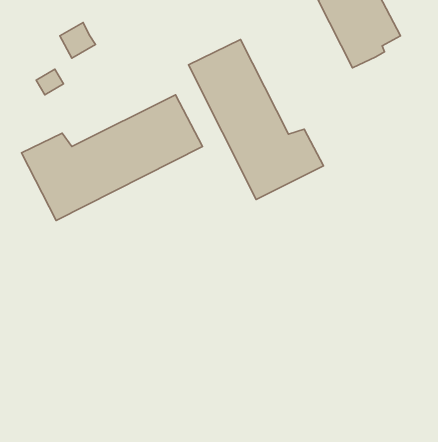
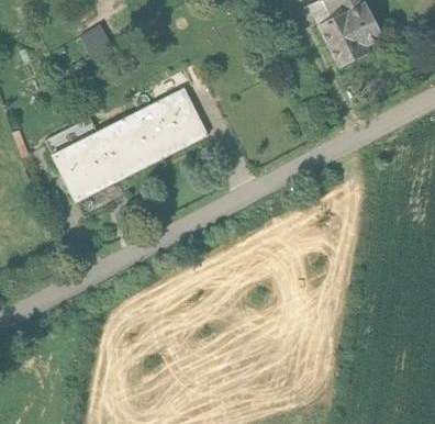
building: [188,40,324,199] -> none

